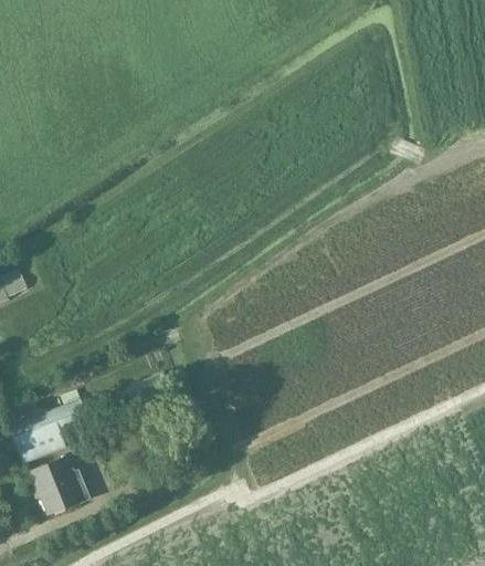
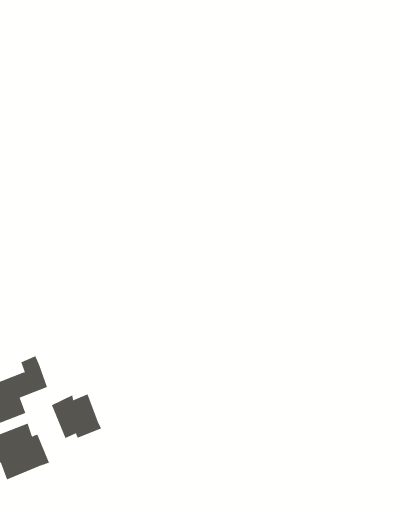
building: none -> [51,394,102,439]

